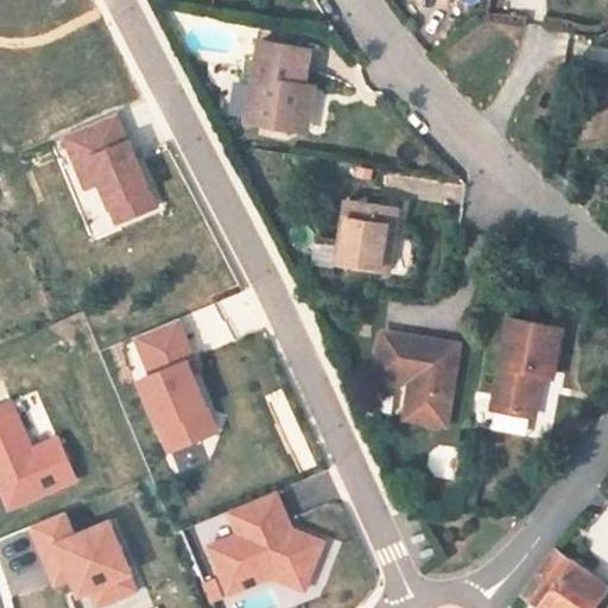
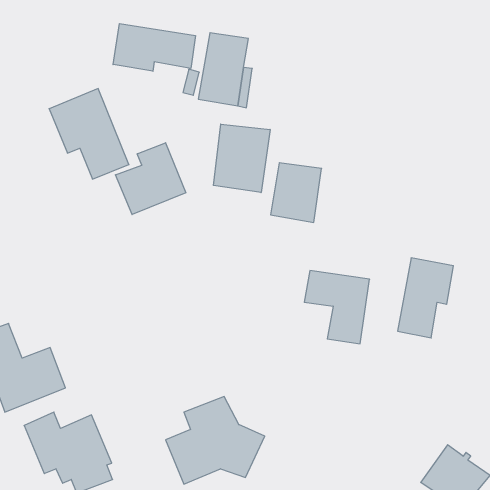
building: none -> [113,24,195,71]
building: none -> [213,124,270,193]
building: none -> [115,143,186,215]
building: [133,318,222,457] -> none

